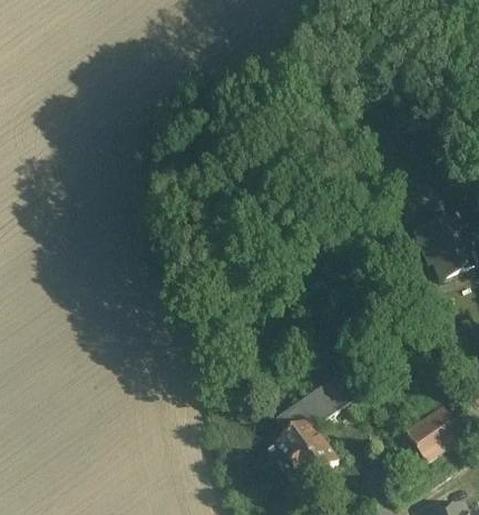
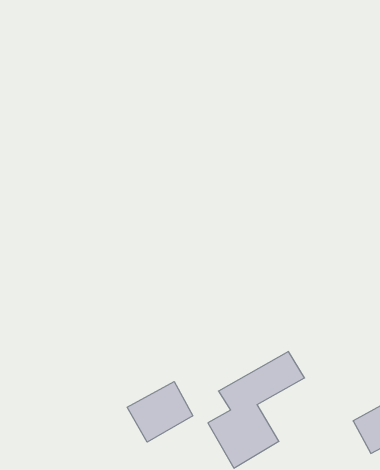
building: none -> [127,382,193,442]

